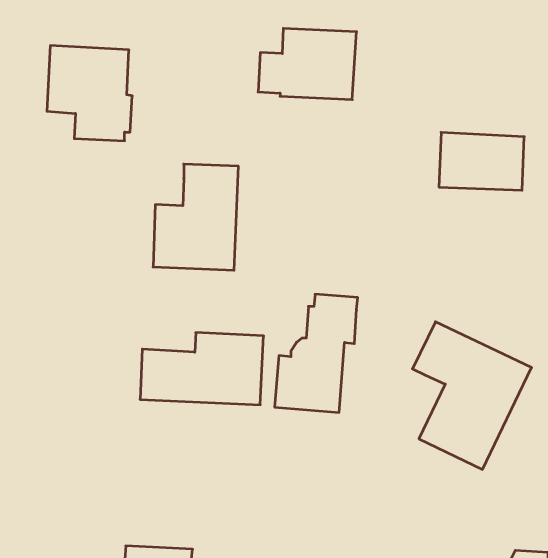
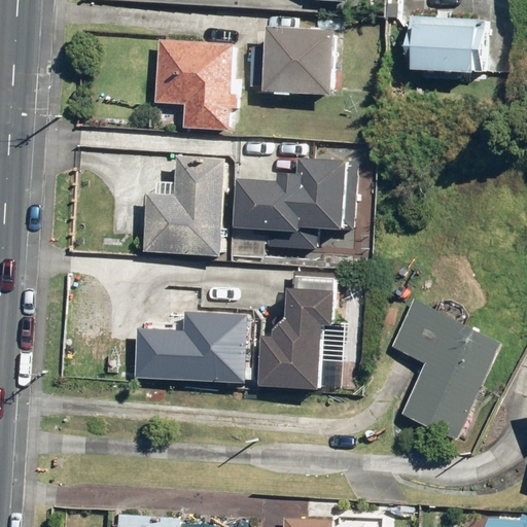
building: [47,46,132,141] -> [153,42,234,132]
building: [439,132,524,190] -> [402,17,483,72]
building: none -> [235,160,352,231]

